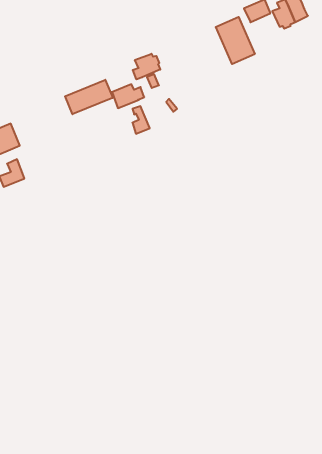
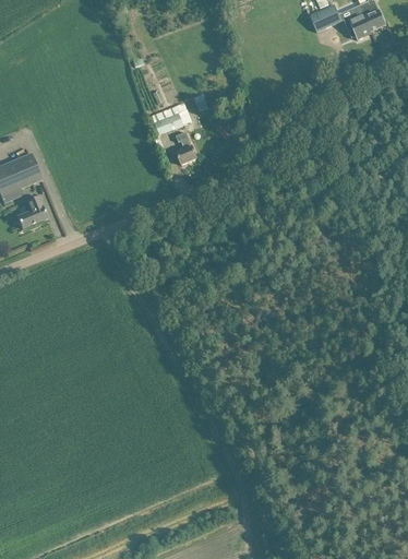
building: [216,17,255,64] -> none
building: [133,54,160,79] -> none
building: [65,80,113,114] -> none

